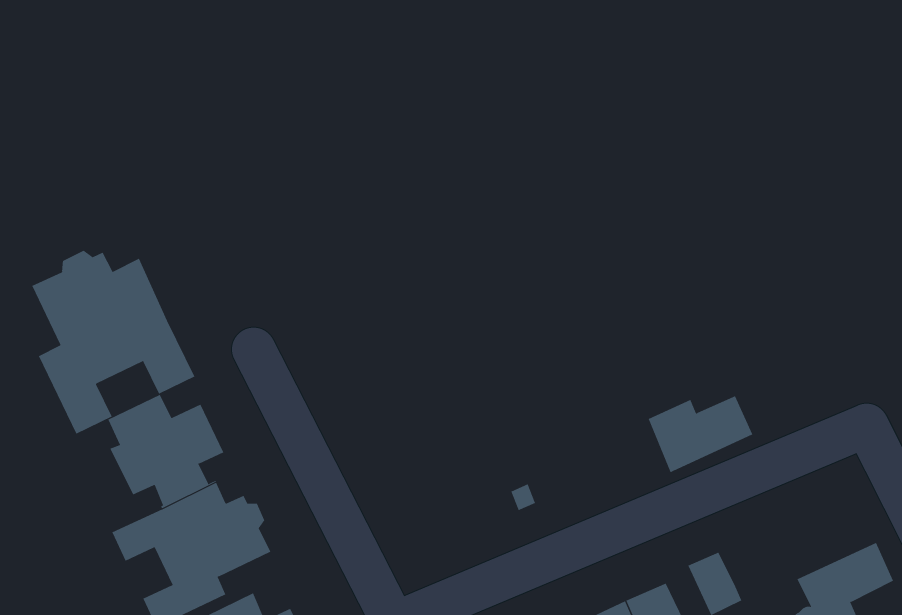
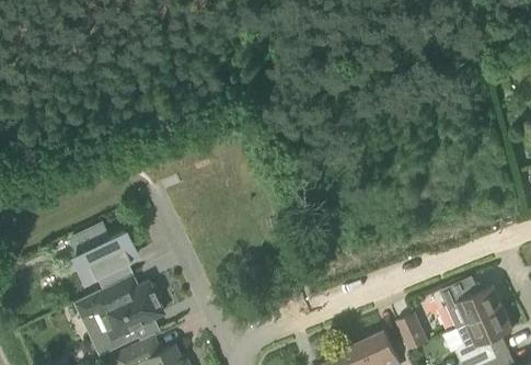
building: [32,250,195,435] -> none
building: [648,395,753,473] -> [445,287,504,331]

